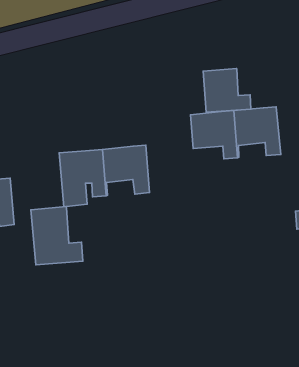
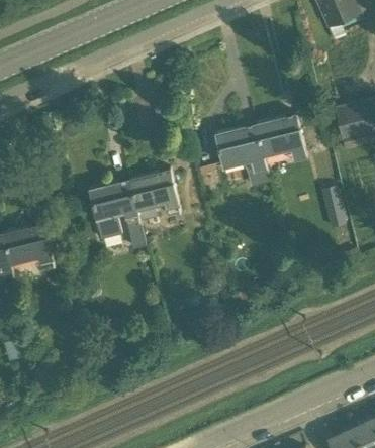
building: [203,68,251,112] -> none
building: [31,207,83,265] -> none

